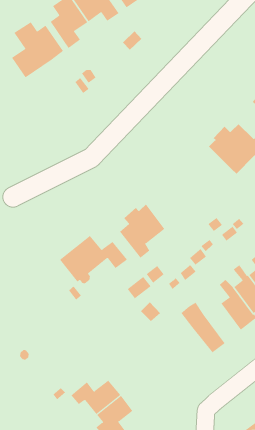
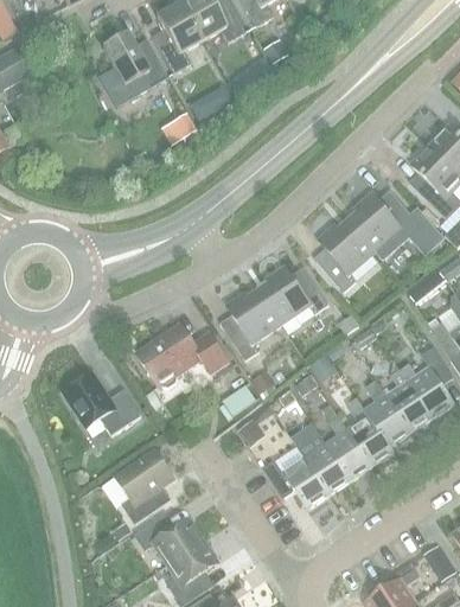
building: none -> [313,218,375,290]
building: none -> [258,264,328,322]
building: none -> [63,371,141,434]
building: none -> [321,402,370,481]
building: none -> [263,456,330,507]
building: none -> [115,448,174,523]

